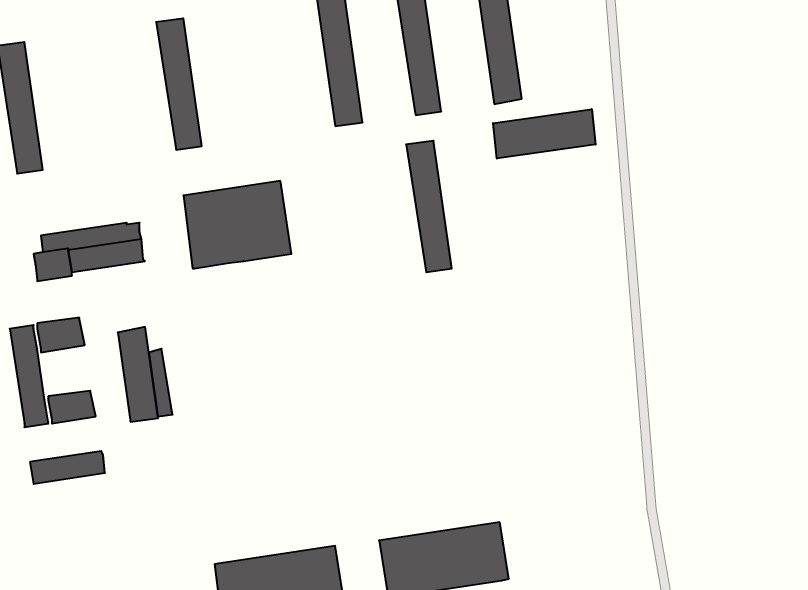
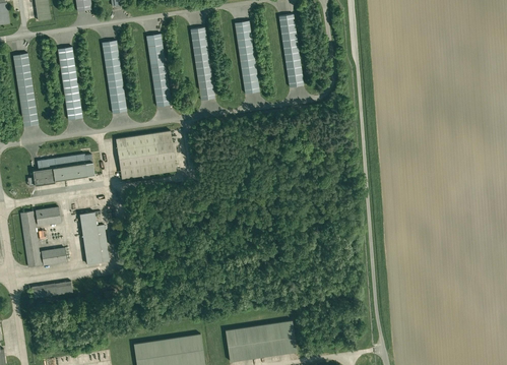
building: none -> [57,47,82,120]
building: [493,109,596,159] -> none
building: [406,141,452,272] -> [145,34,171,107]

